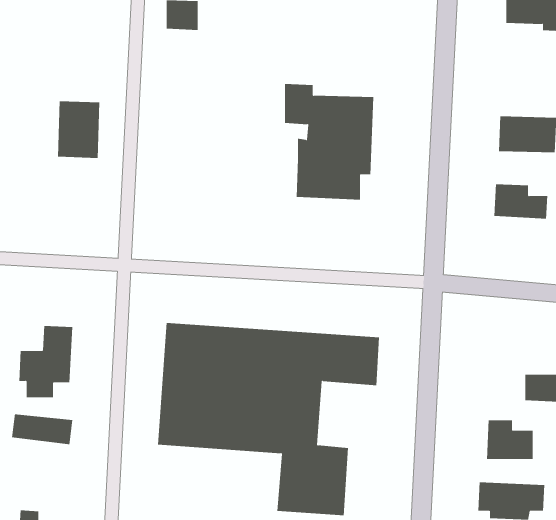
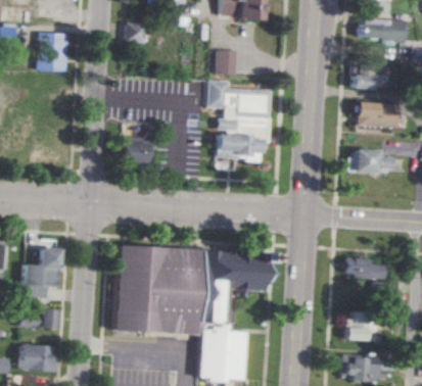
building: none -> [216,50,235,75]
building: none -> [351,65,385,89]
building: [57,101,100,158] -> [39,32,68,71]
building: none -> [121,137,146,161]
building: none -> [345,257,384,278]
building: none -> [18,344,58,371]

